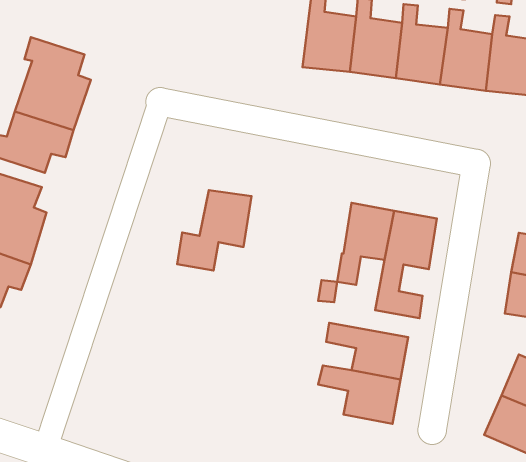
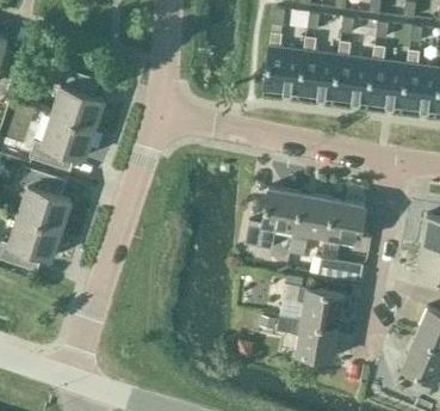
building: [177,190,252,270] -> [244,189,300,250]

